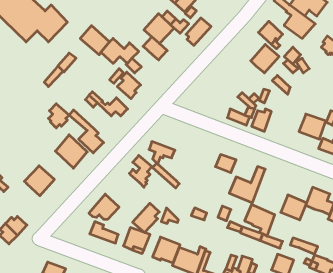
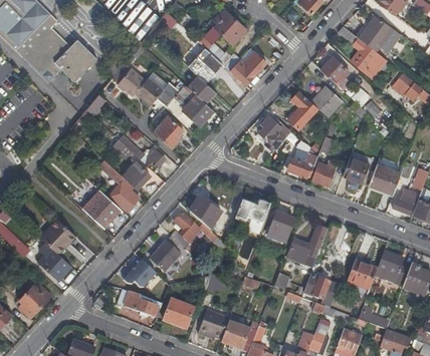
building: none -> [285,91,316,130]
building: none -> [184,96,214,127]
building: none -> [257,117,289,151]
building: [48,104,69,128] -> [126,161,150,190]
building: none -> [341,156,367,184]
building: none -> [237,200,269,232]
building: none -> [37,247,69,279]
building: [133,203,159,233] -> [150,236,181,270]

